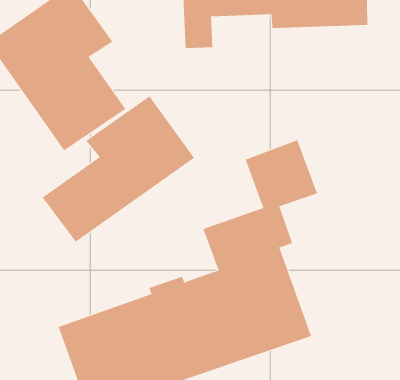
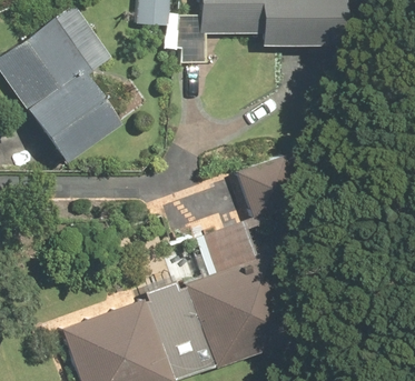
building: [42,96,195,243] -> none

